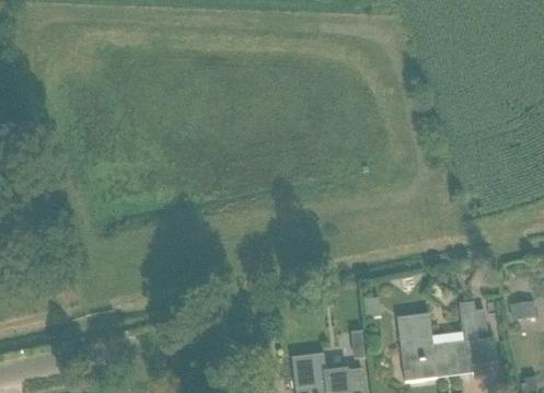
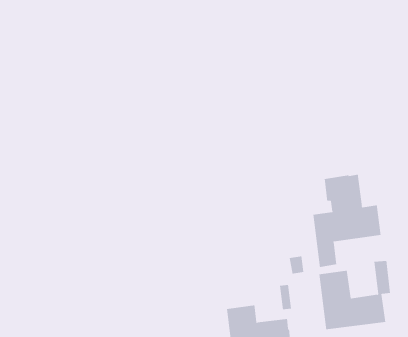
building: none -> [313,174,381,268]

